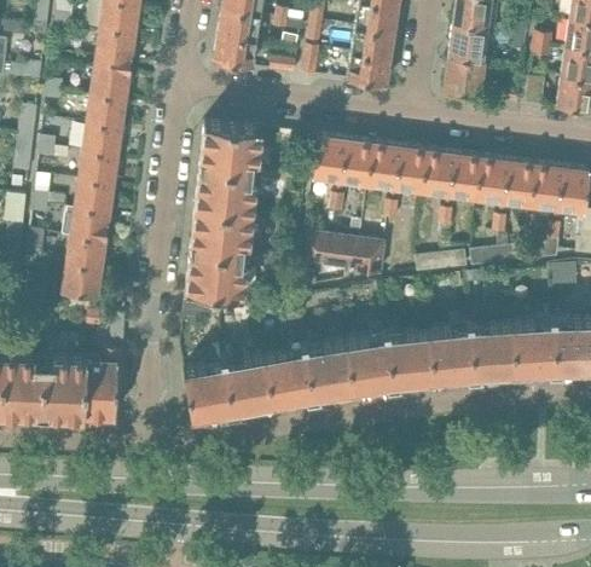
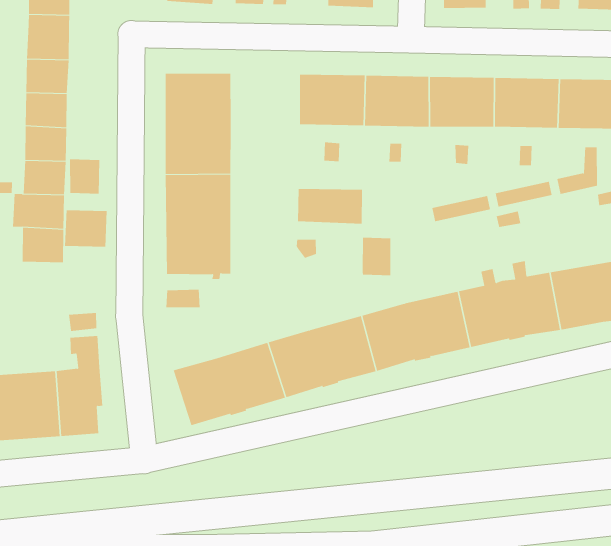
building: none -> [69,159,100,194]
building: [355,241,383,276] -> [362,237,391,276]
building: [62,268,102,303] -> [64,210,108,247]

